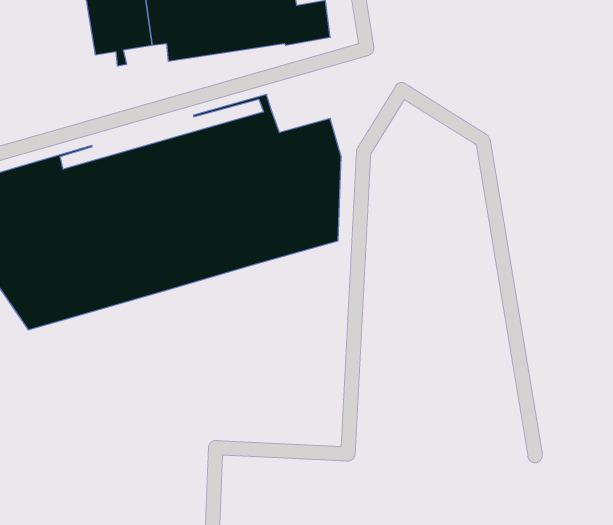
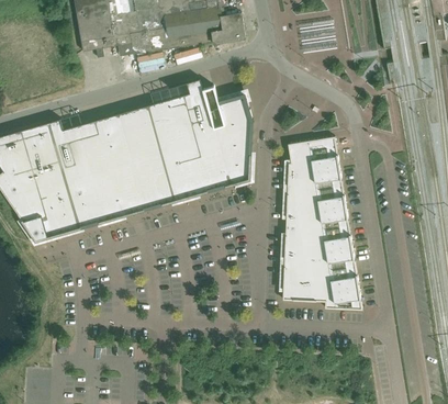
building: none -> [282,135,362,308]

